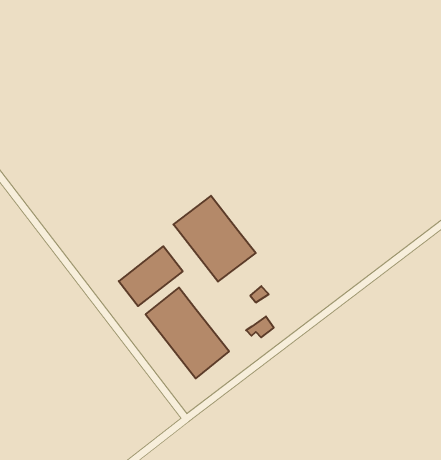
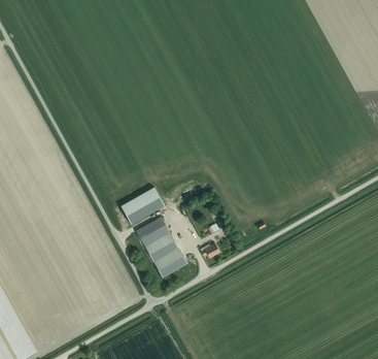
building: [173,196,256,282] -> none

